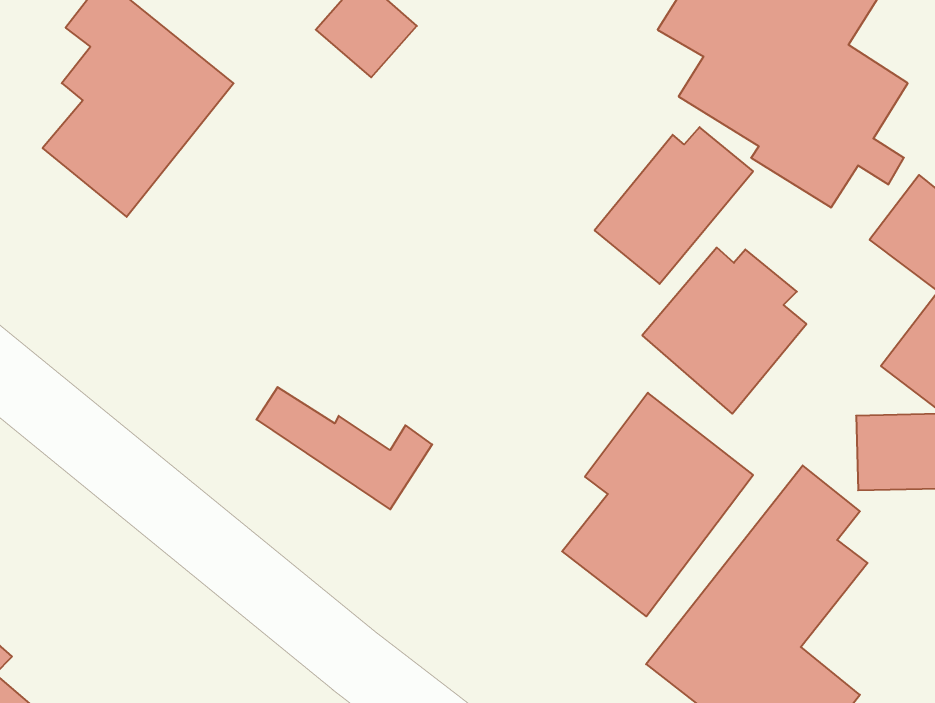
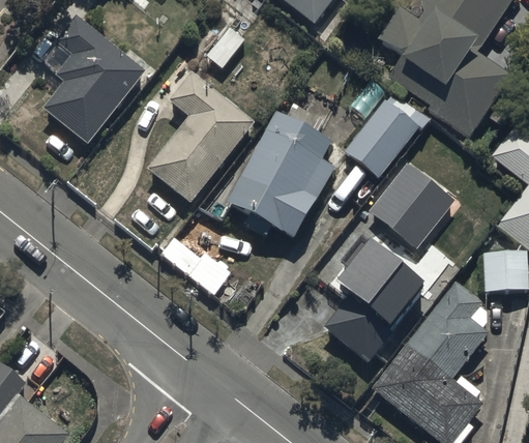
building: none -> [146,70,256,203]
building: none -> [227,112,336,237]

